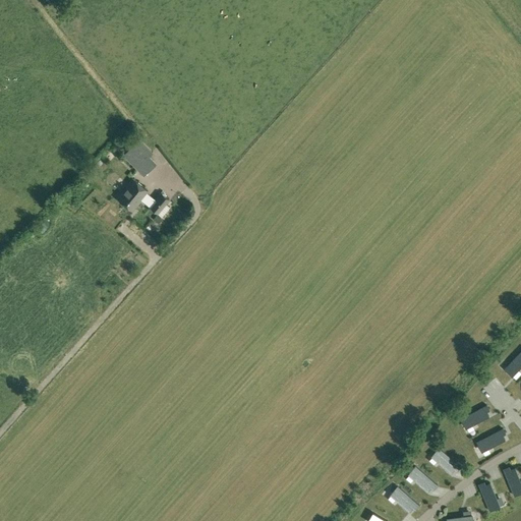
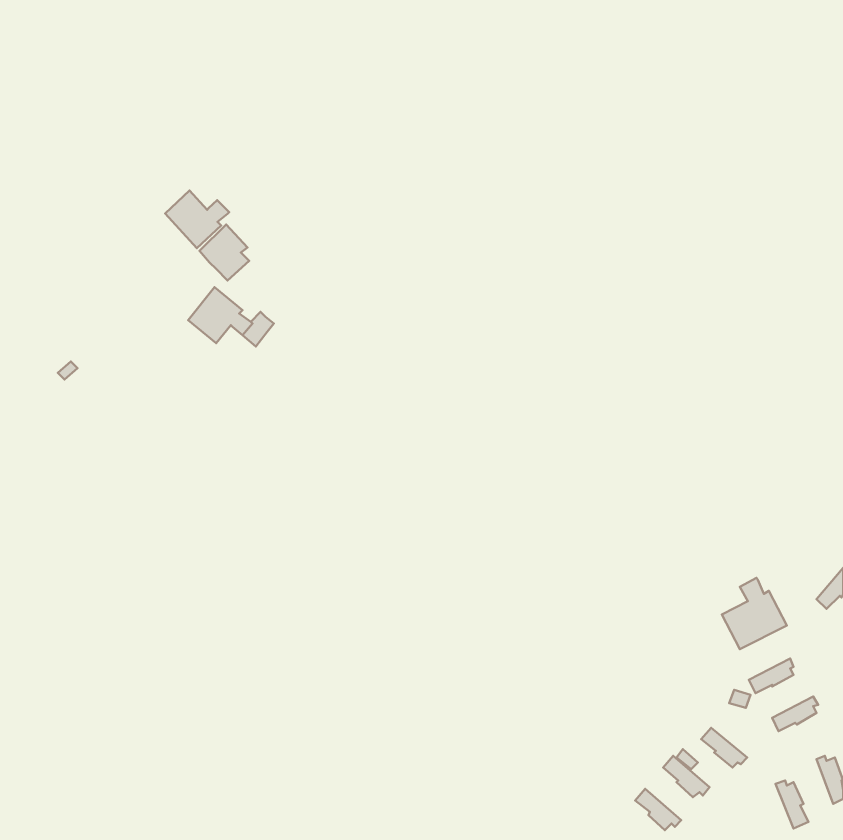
building: none -> [165,191,229,248]
building: none -> [722,578,787,649]

